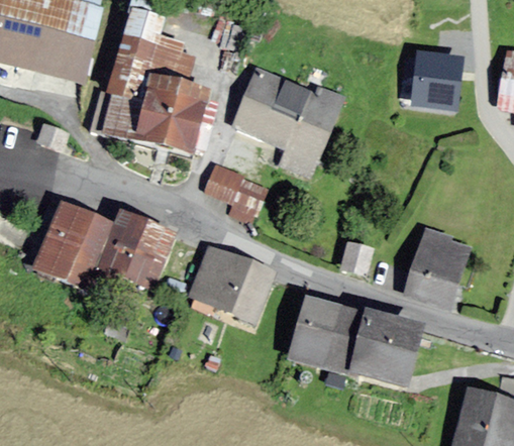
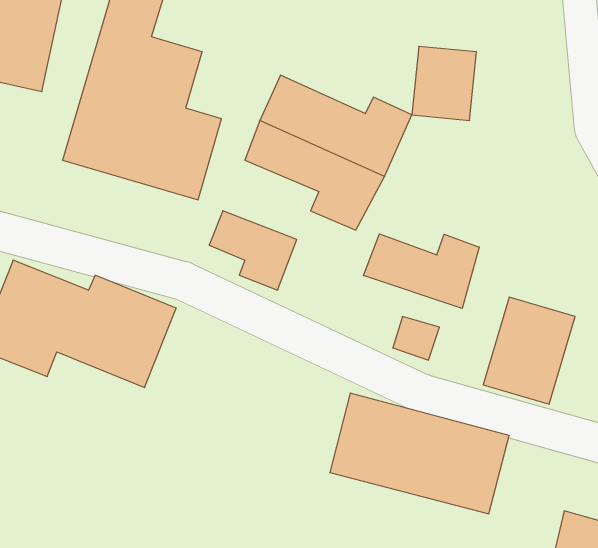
building: [410,58,457,112] -> [412,46,476,120]
building: none -> [363,234,479,308]
building: [187,245,273,320] -> none

